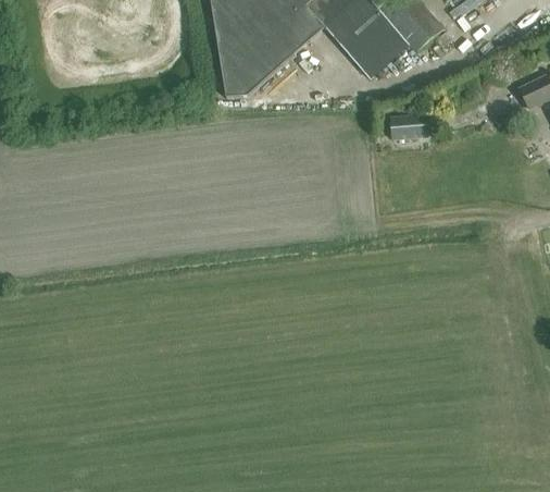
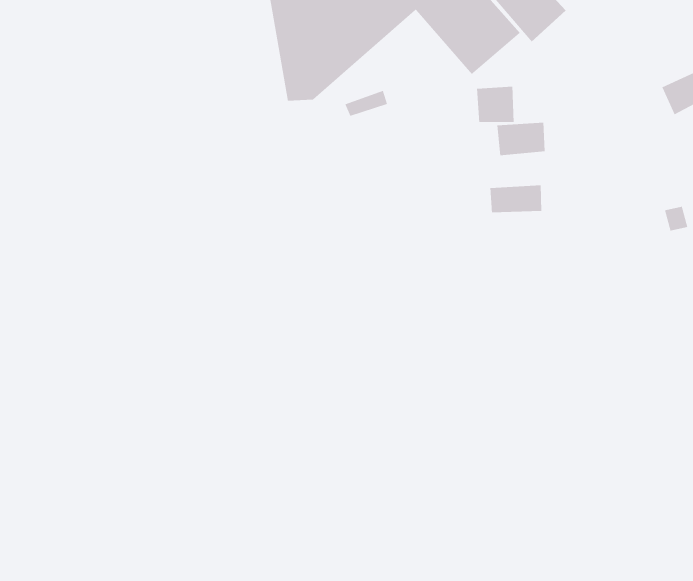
building: none -> [477,86,514,123]
building: none -> [490,185,542,213]

